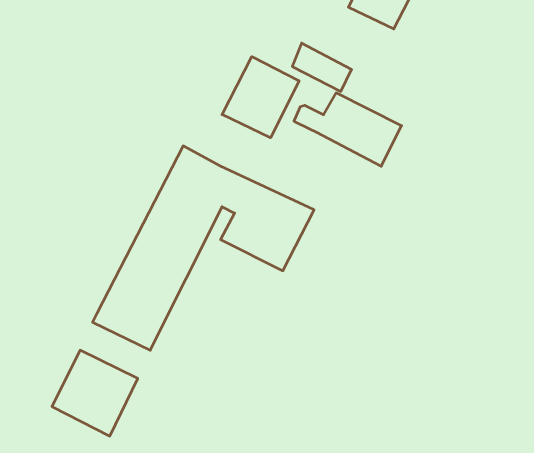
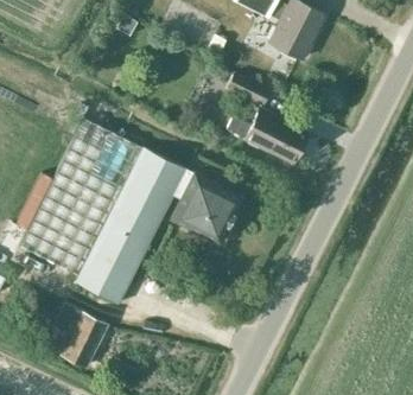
building: [222,57,299,138] -> none
building: none -> [20,119,142,275]

